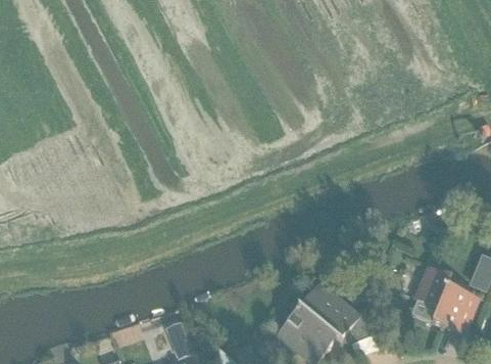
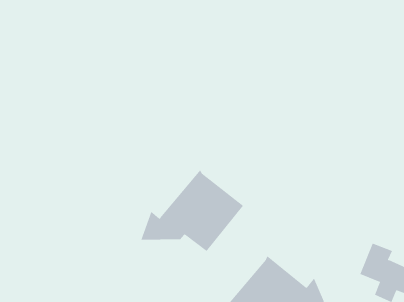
building: none -> [140,170,244,252]

